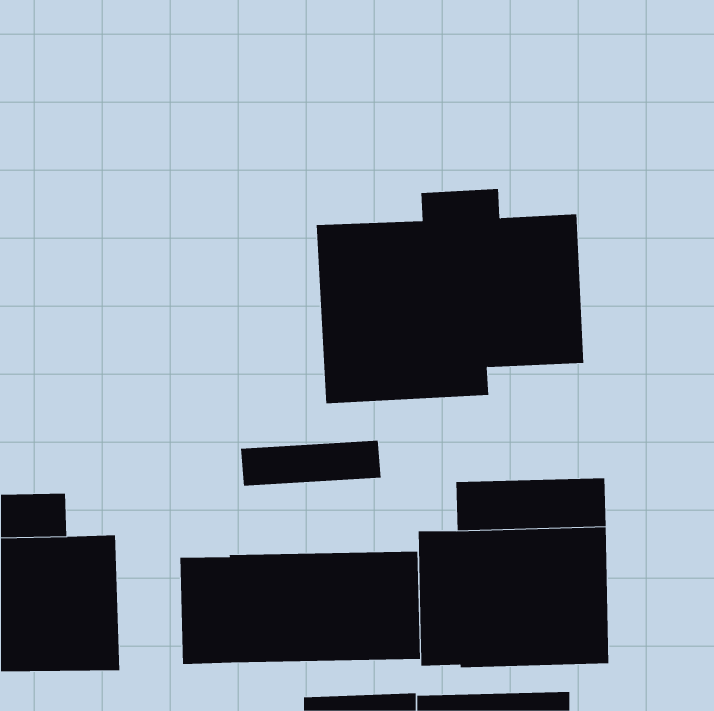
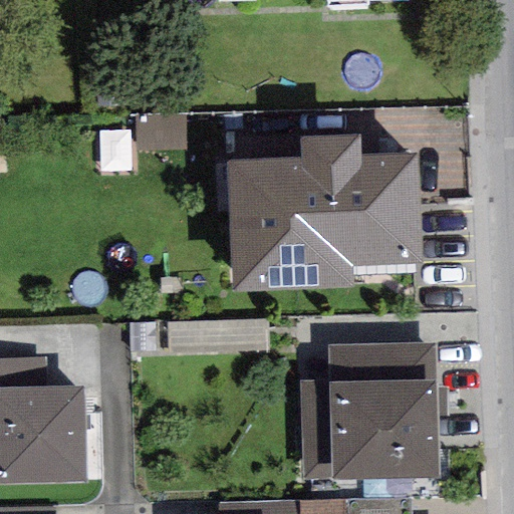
building: [180,551,420,665] -> none

